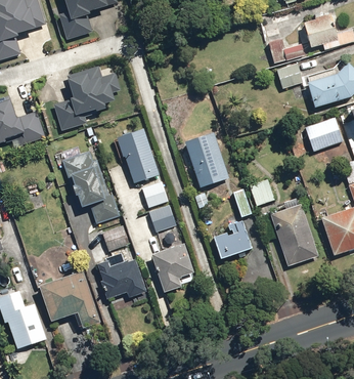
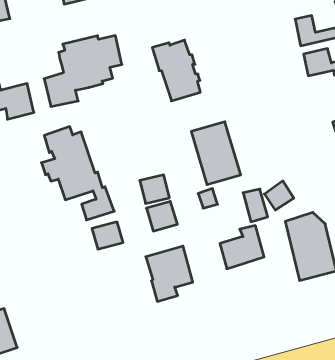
building: [114,130,158,183] -> [152,40,200,101]
building: [94,249,141,300] -> none
building: [36,272,100,329] -> none

